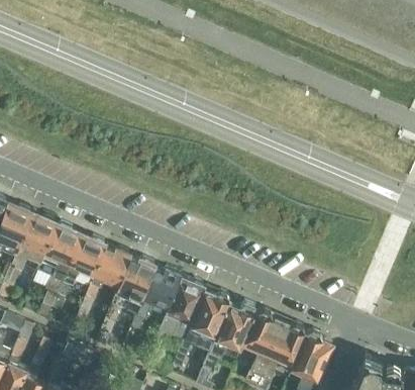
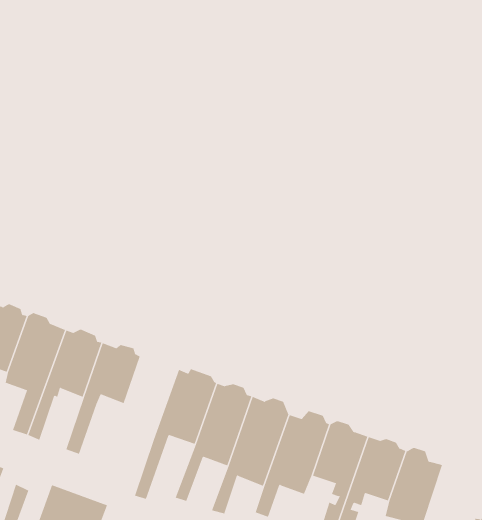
building: [96,259,157,346] -> none

